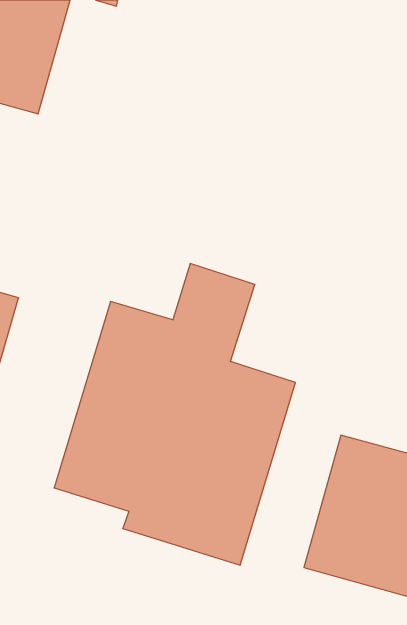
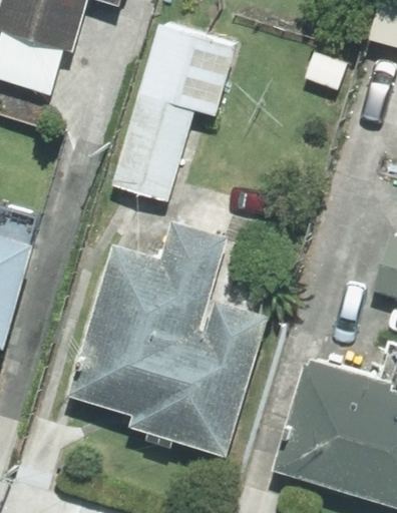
building: none -> [113,17,241,204]

